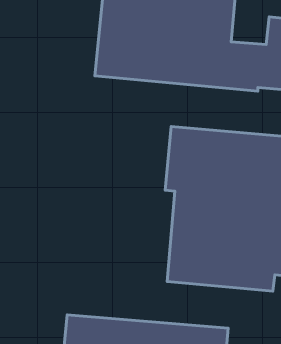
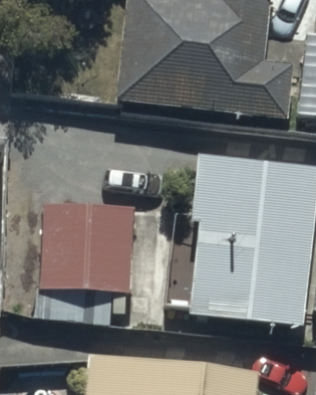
building: none -> [38,215,136,301]

